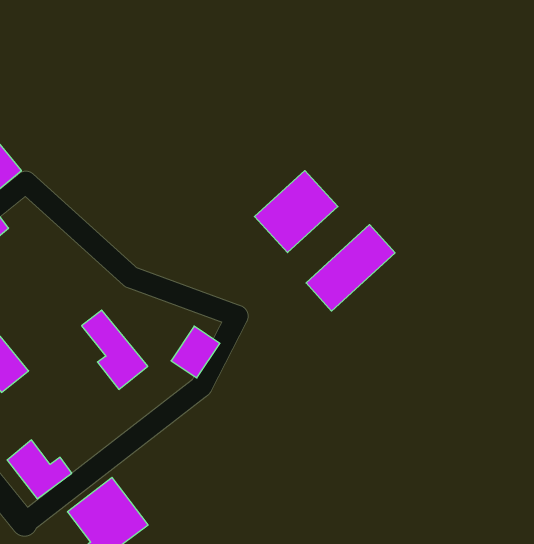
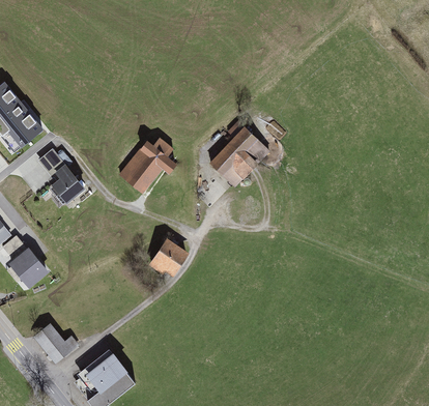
building: none -> [119,143,168,192]
building: [306,225,395,311] -> none
building: [82,310,148,389] -> [37,148,85,205]

